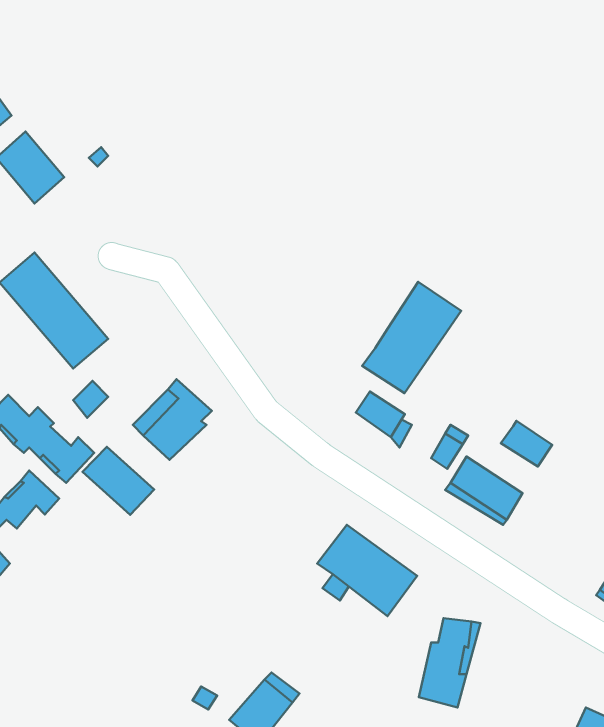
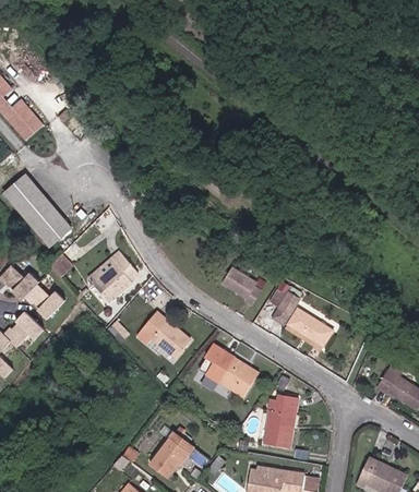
building: [362,282,461,393] -> none
building: [501,421,552,466] -> none
building: [83,447,154,515] -> none
building: none -> [139,312,193,359]

